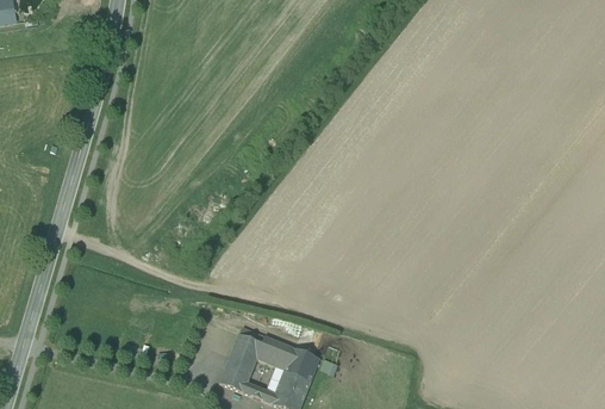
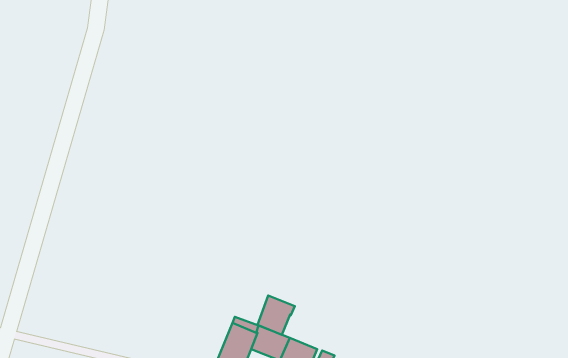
building: none -> [258,296,295,335]

